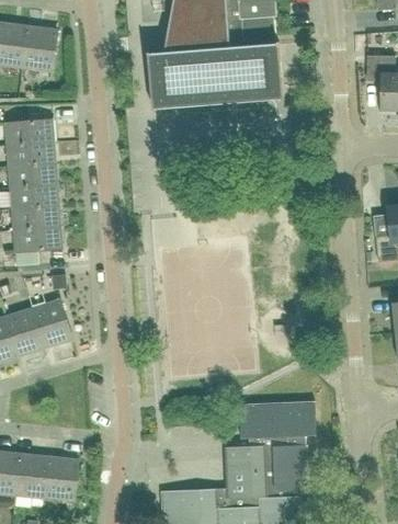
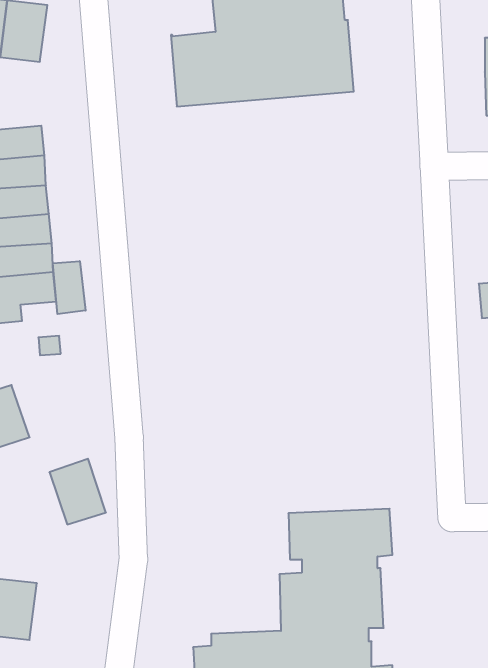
building: none -> [53,261,86,314]
building: [31,300,72,349] -> [49,459,106,524]
building: [44,456,79,501] -> none

